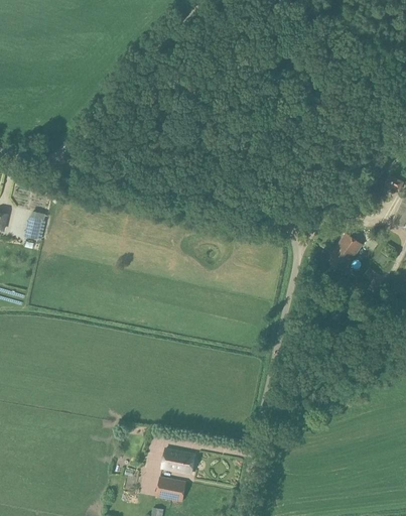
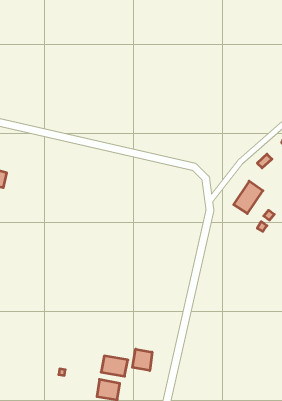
building: none -> [132,349,152,371]

